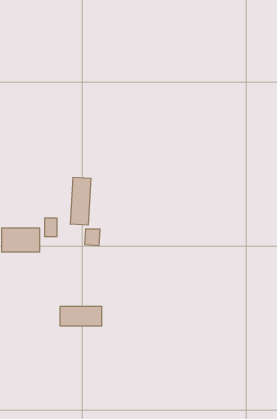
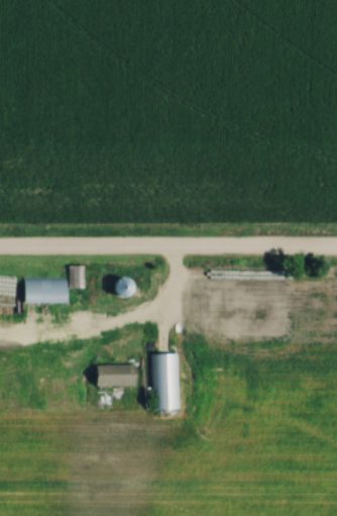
building: [70,177,91,225] -> none
building: none -> [155,354,182,410]

